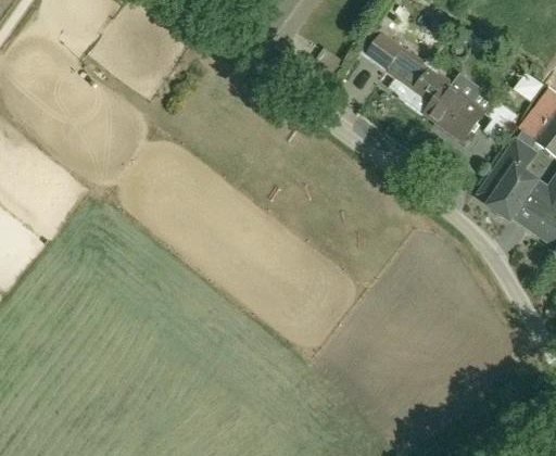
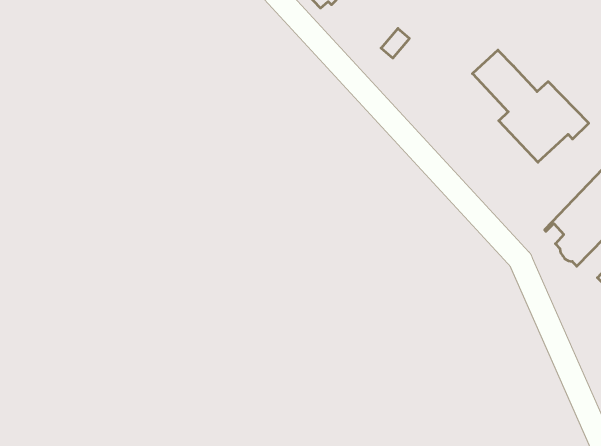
building: [365,33,414,79] -> none

